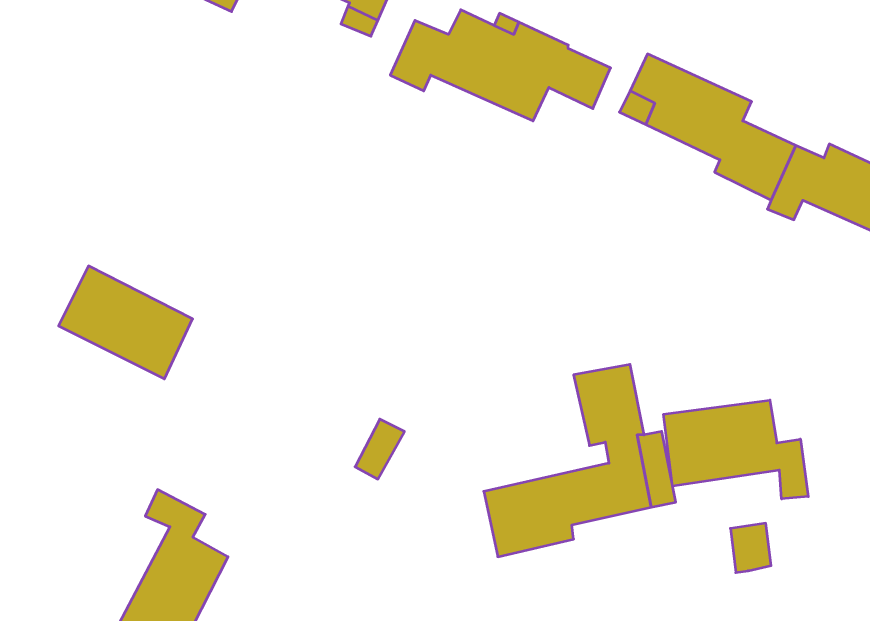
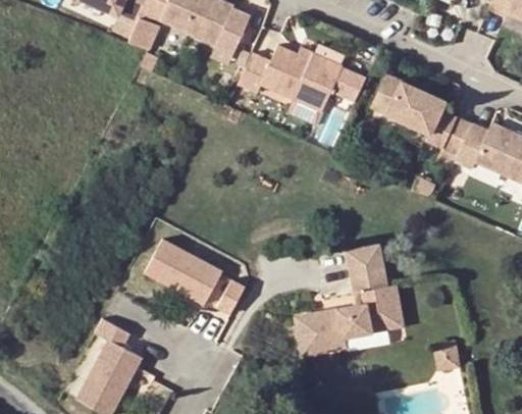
building: [59,266,193,379] -> [145,242,222,307]
building: [664,400,808,499] -> none

